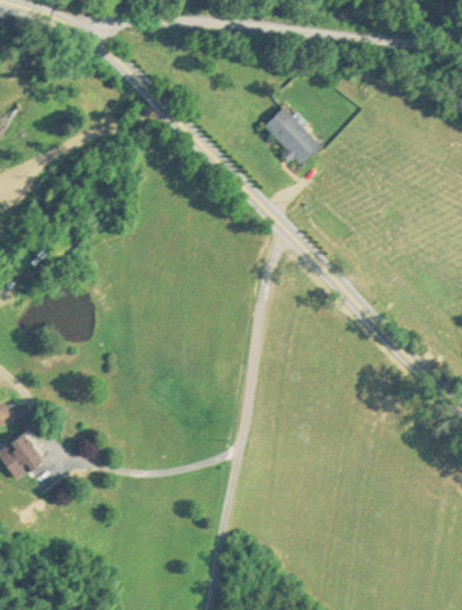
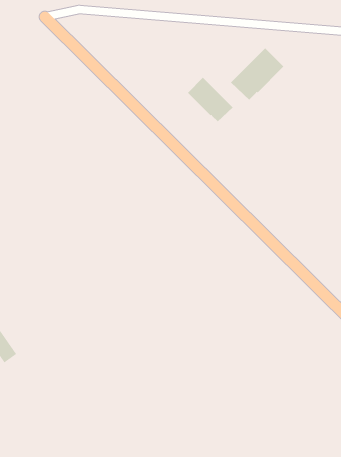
building: none -> [230,47,284,100]

